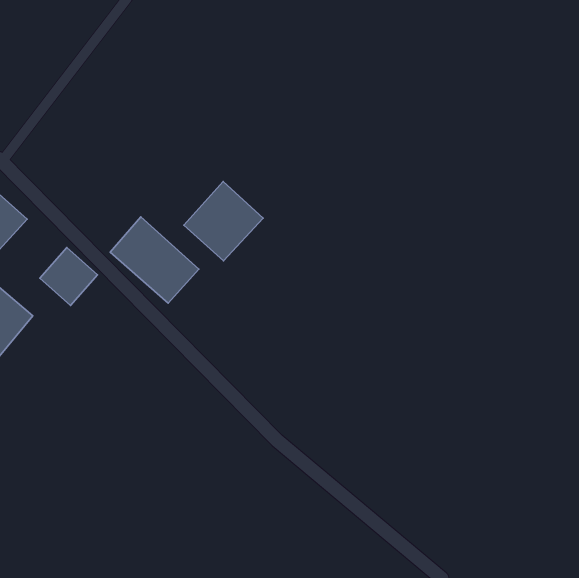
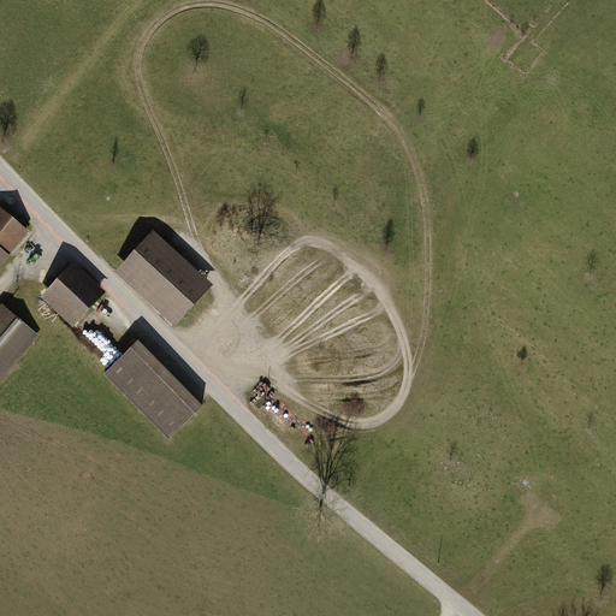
building: [184,181,263,261] -> none
building: none -> [102,338,203,438]

